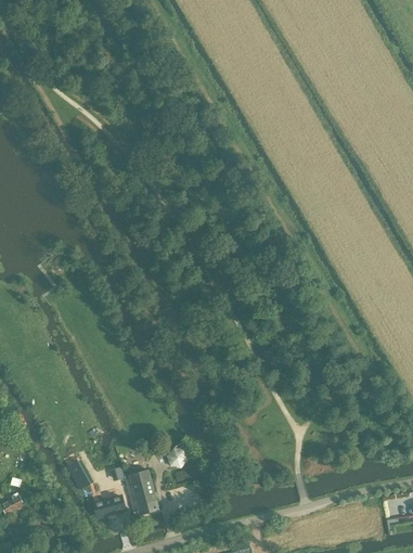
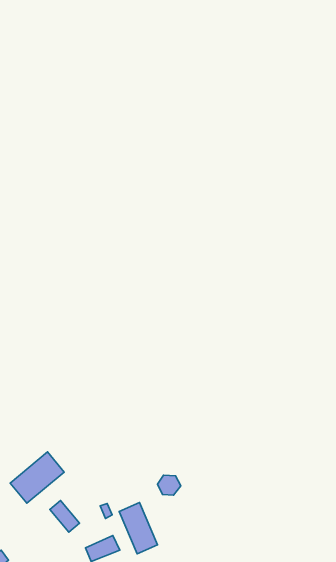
building: none -> [10,452,64,503]

